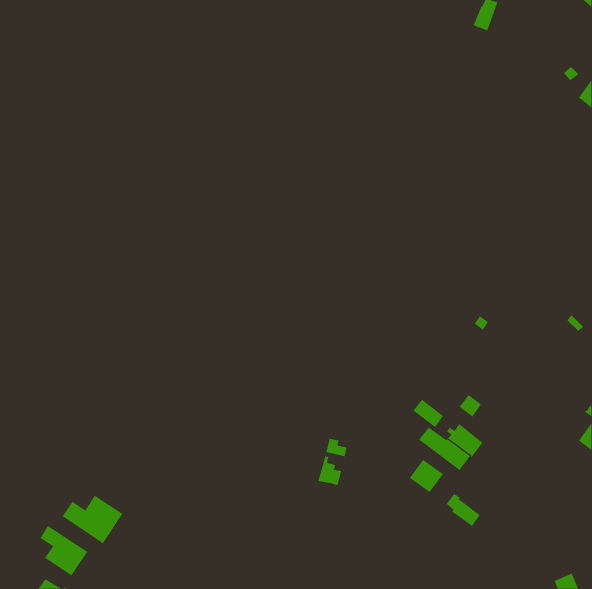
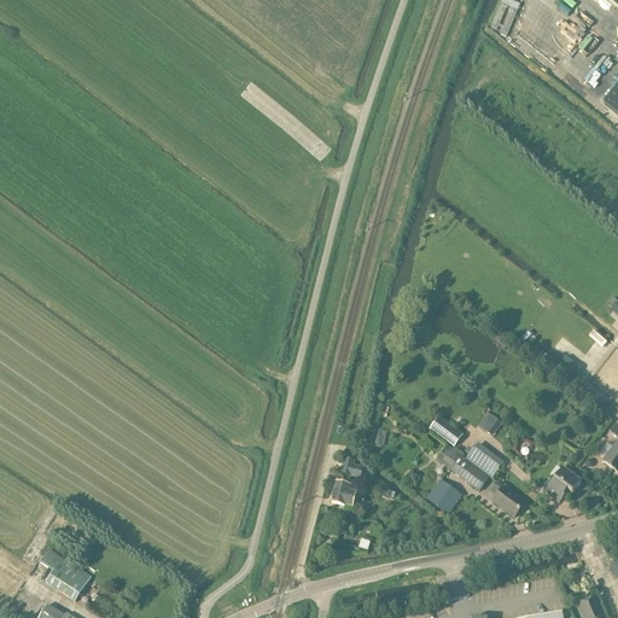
building: none -> [546,467,582,501]
building: [446,493,480,527] -> [488,480,524,515]
building: [62,495,123,544] -> none

